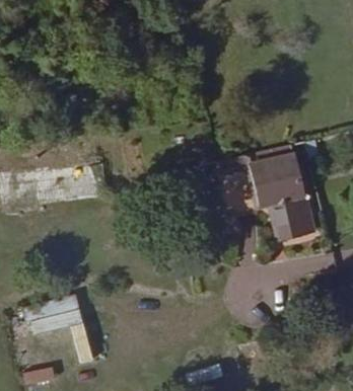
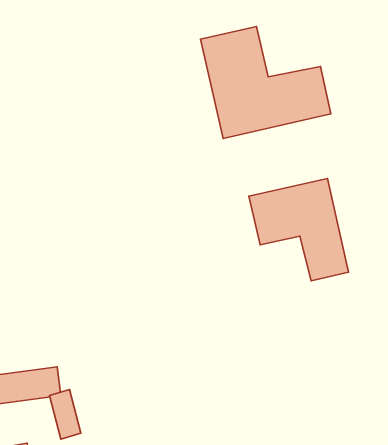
building: none -> [200,27,331,138]

